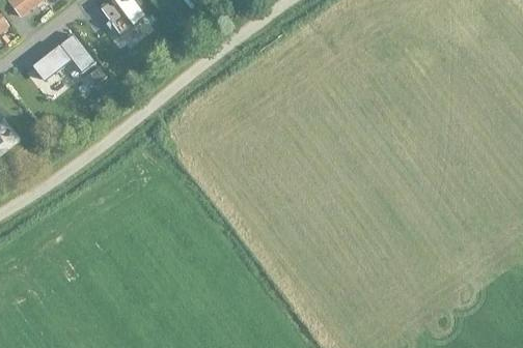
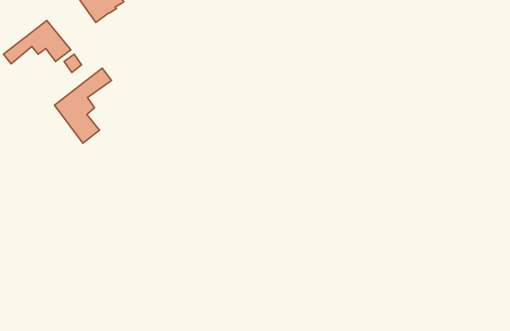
building: none -> [55,68,112,143]

